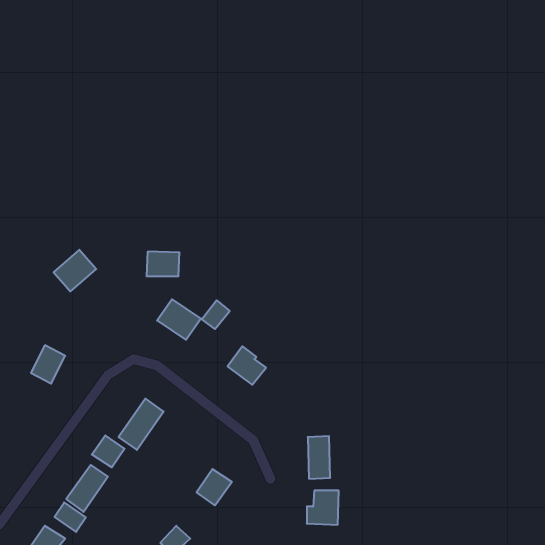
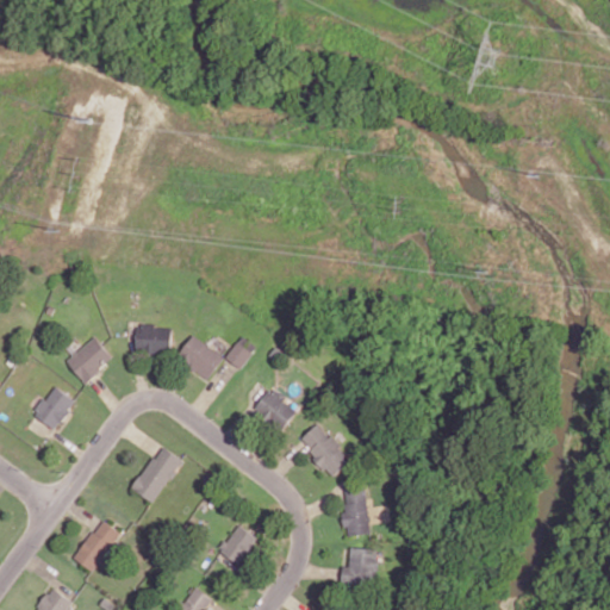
building: [54,250,96,291] -> [66,336,113,382]
building: [146,252,180,276] -> [135,325,172,353]
building: none -> [299,423,351,478]
building: [92,435,125,467] -> none
building: [55,502,86,532] -> none

